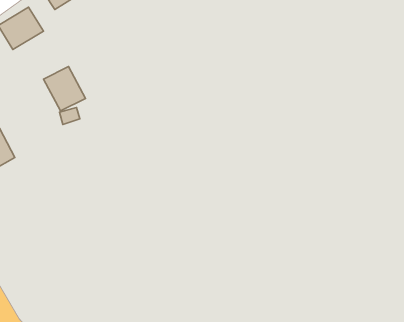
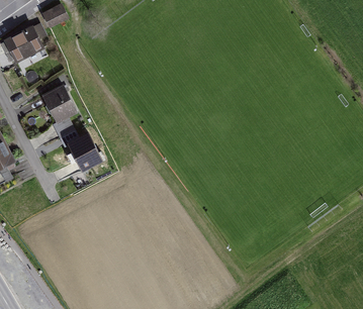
building: none -> [66,129,102,169]

